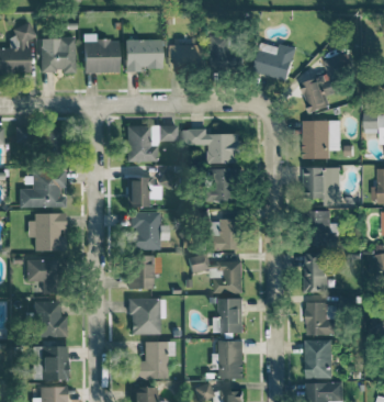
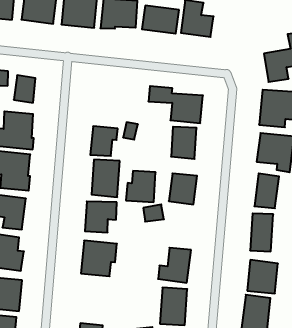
building: [252,42,294,79] -> none
building: [125,125,176,161] -> none
building: [213,260,242,293] -> [126,171,156,202]
building: [129,342,173,380] -> none

